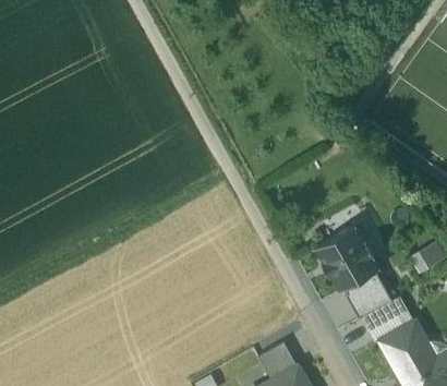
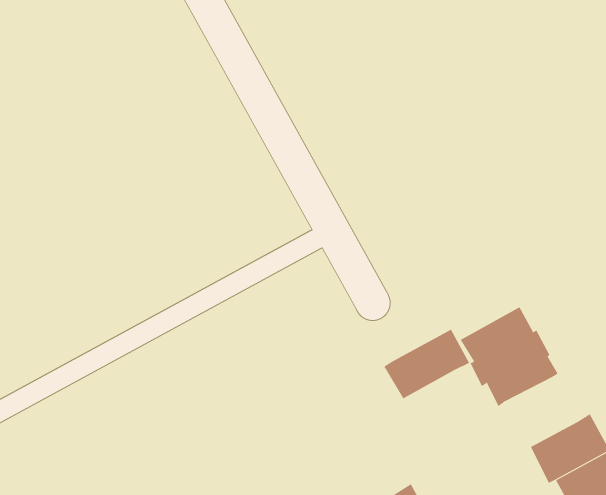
building: none -> [383,329,470,399]
building: [346,272,392,318] -> none

